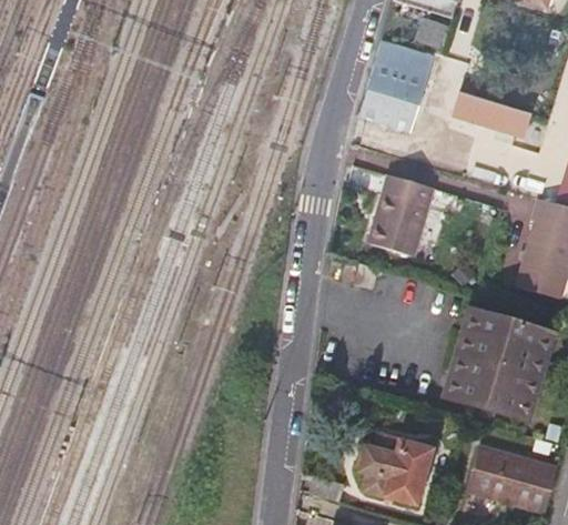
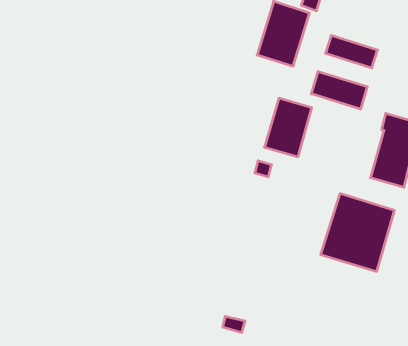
building: none -> [311,71,367,109]
building: [357,437,427,505] -> none
building: [469,445,559,512] -> none

